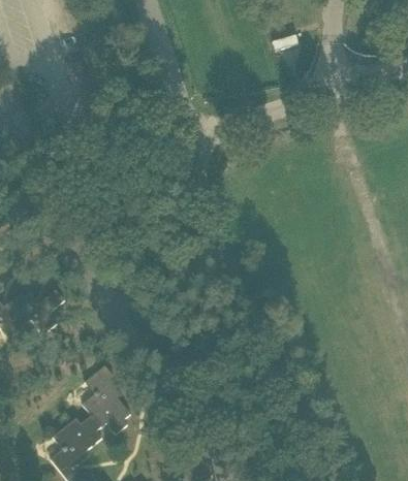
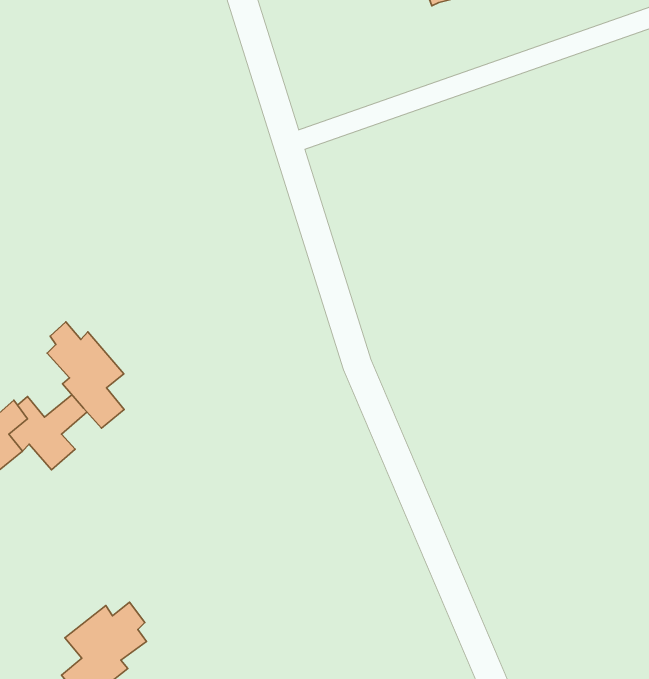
building: none -> [47,322,124,428]
building: [80,365,129,434] -> none

